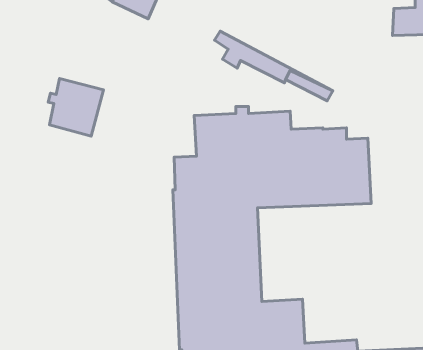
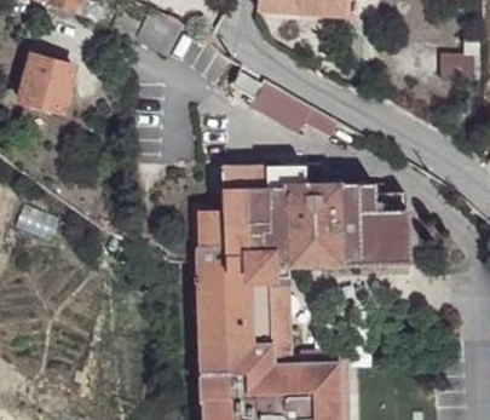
building: [48,79,104,136] -> [15,50,74,111]

